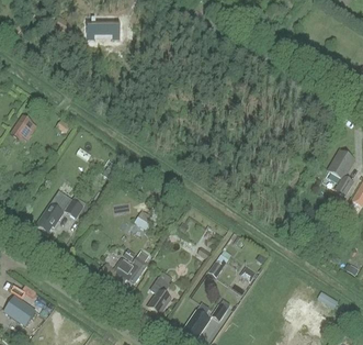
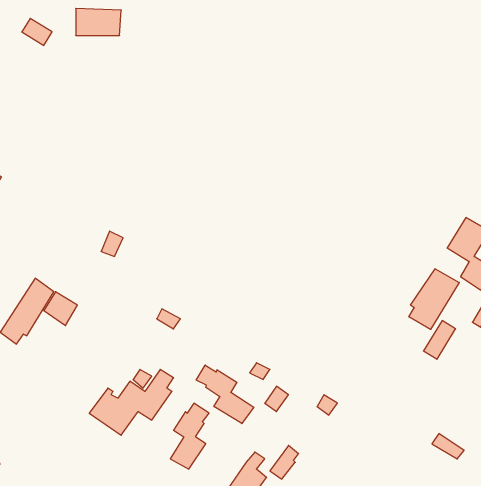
building: none -> [409,269,459,329]
building: none -> [196,365,254,424]

